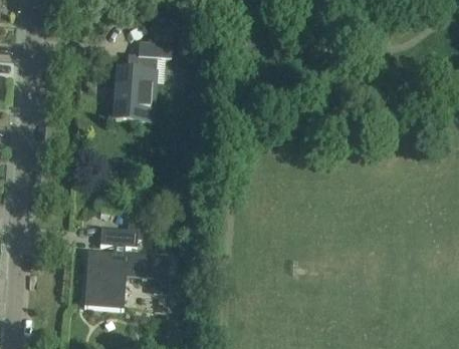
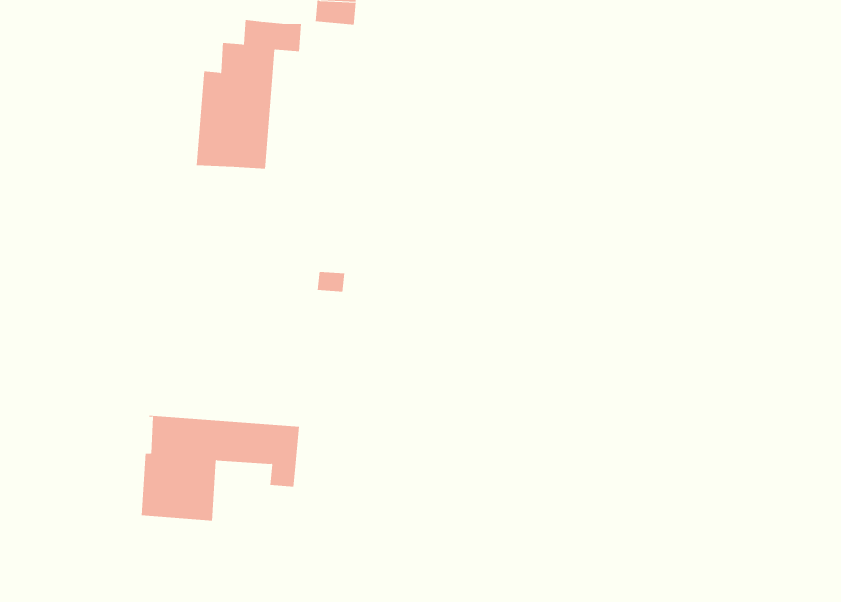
building: [100,225,138,244] -> none

